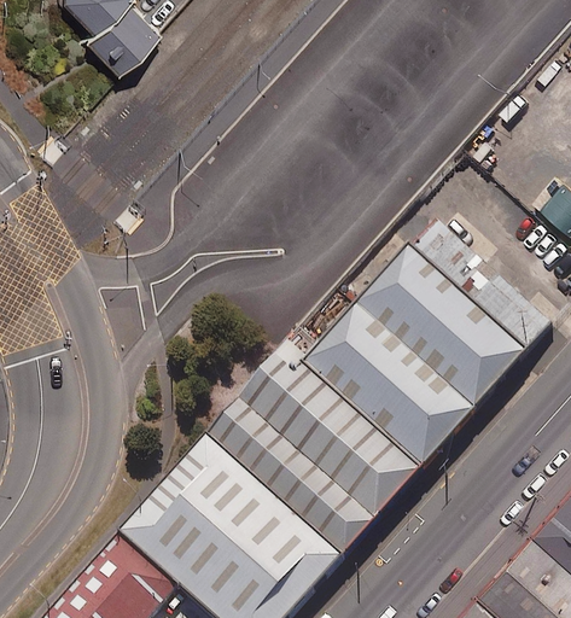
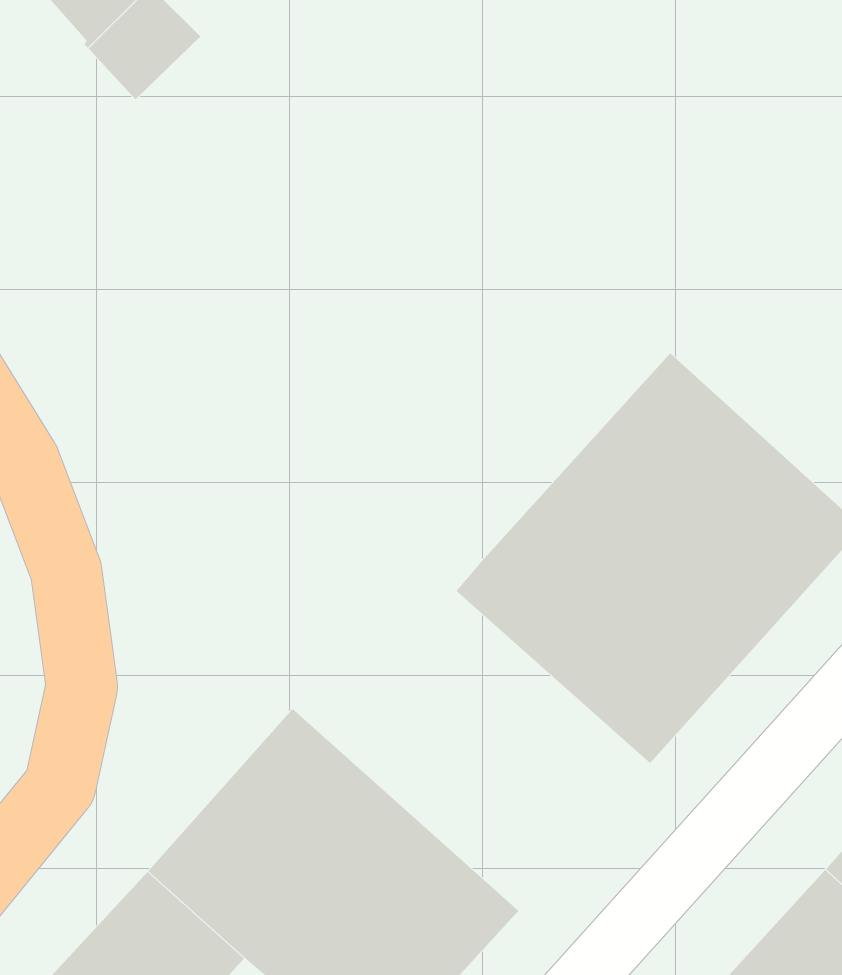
building: [205,332,423,559] -> none

